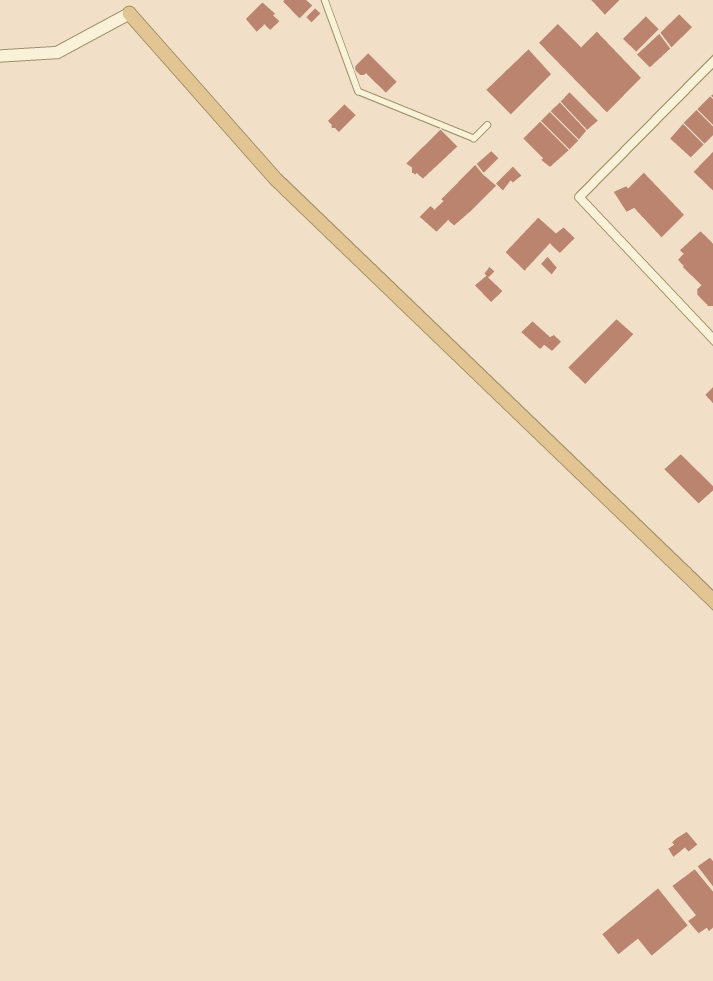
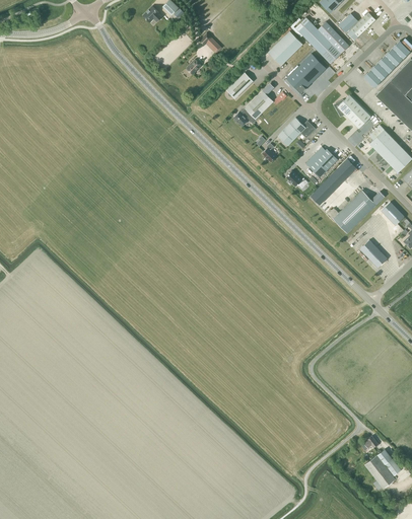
building: none -> [310,148,338,177]
building: none -> [327,190,376,233]
building: [601,887,689,957] -> none

